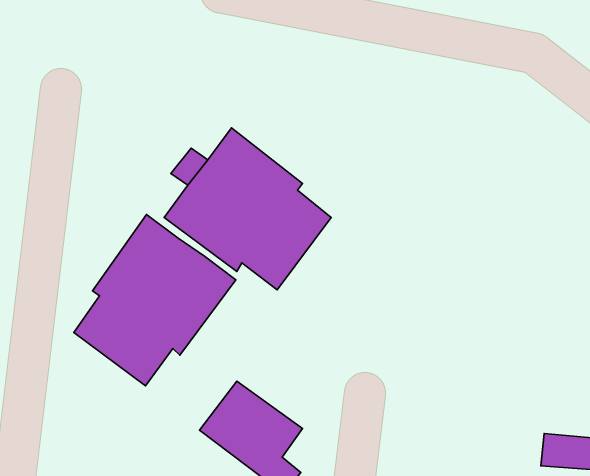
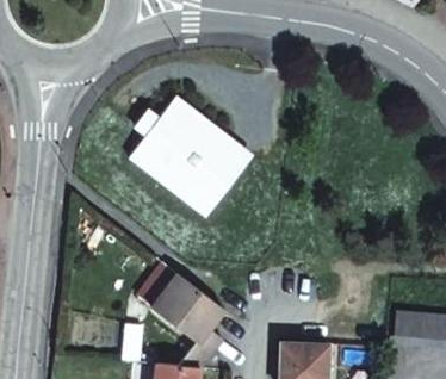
building: [74,214,236,386] -> none

